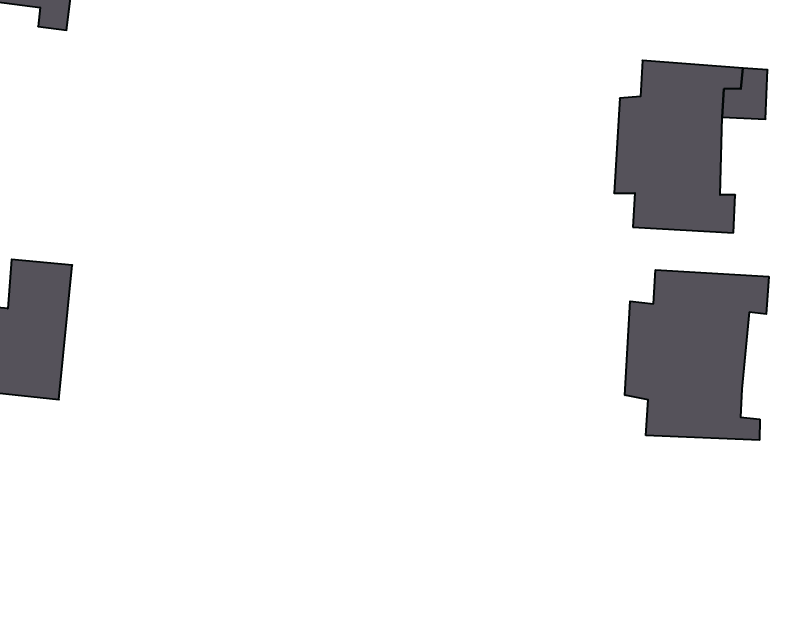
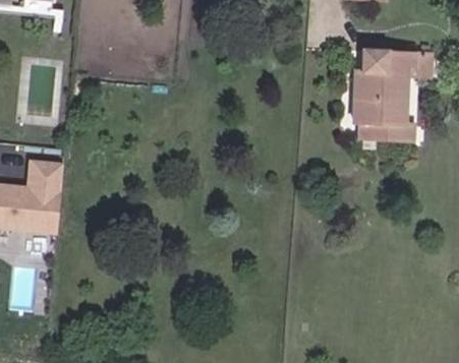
building: [625,270,769,440] -> none

